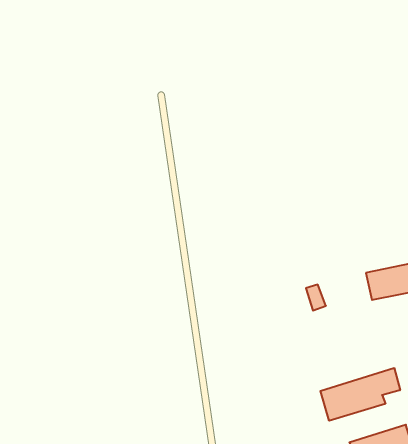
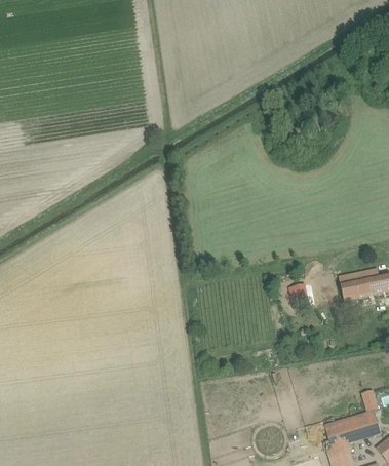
building: [320,368,400,421] -> none

